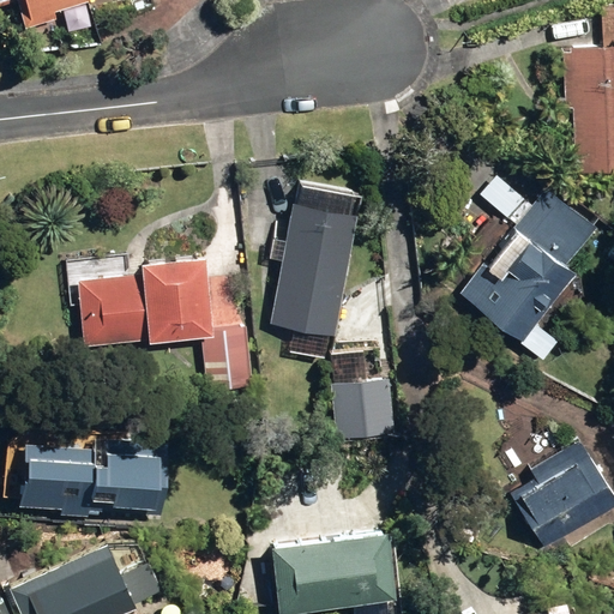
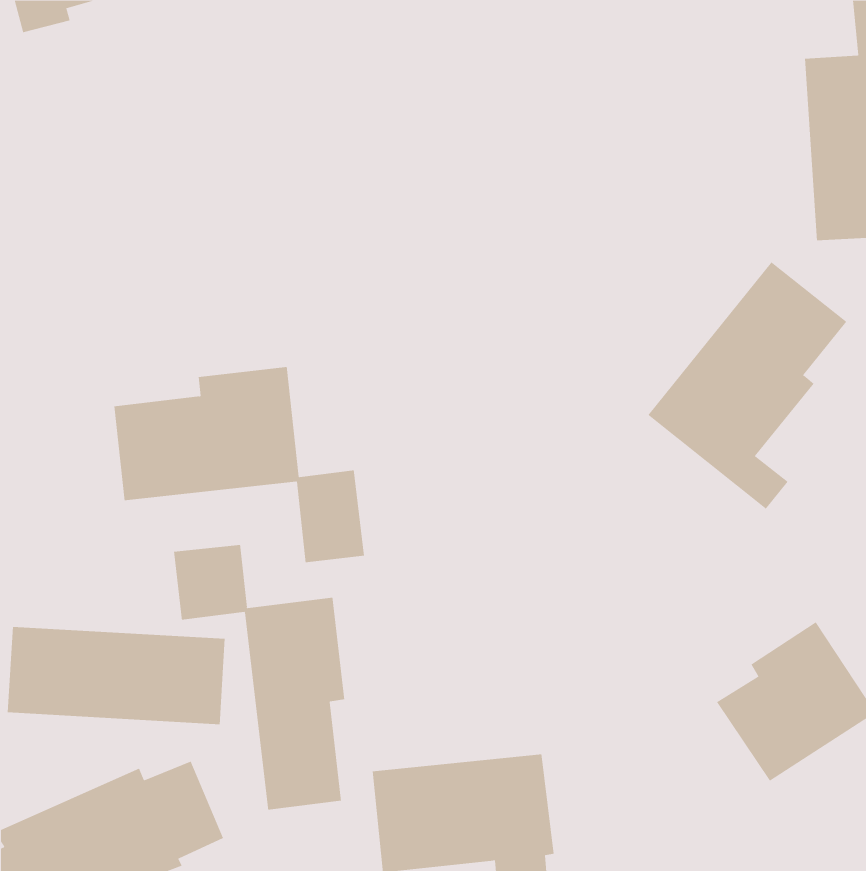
building: [270,203,355,336] -> none
building: [338,381,390,453] -> none
building: none -> [174,544,345,810]

